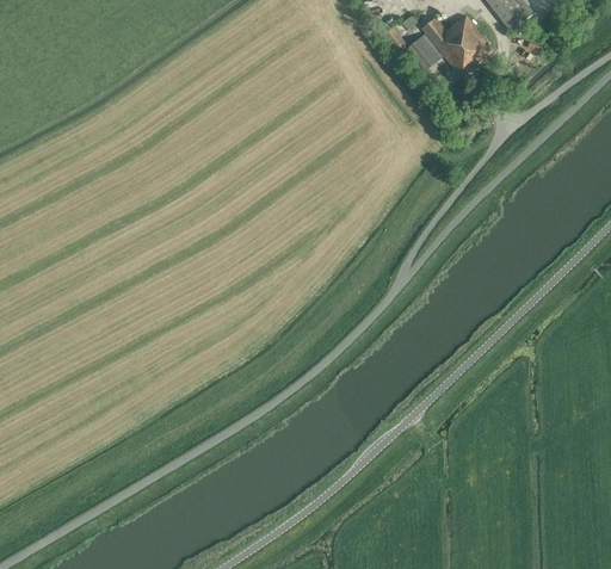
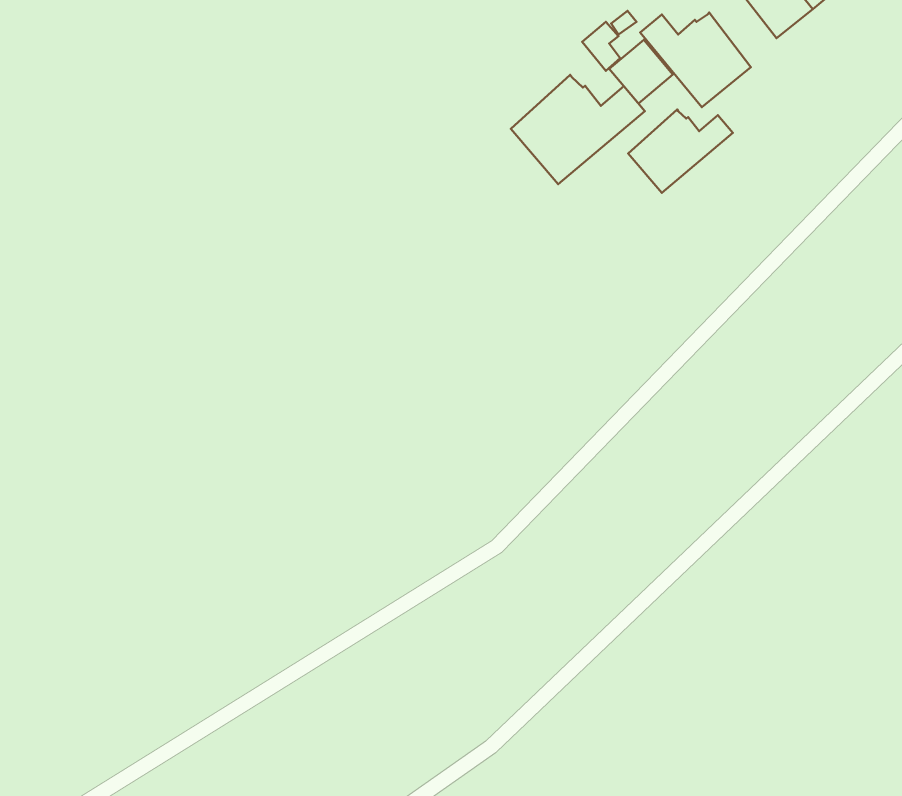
building: none -> [511,75,645,184]
building: none -> [628,109,733,193]

